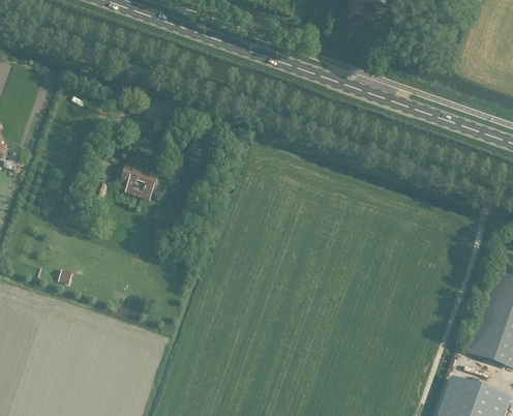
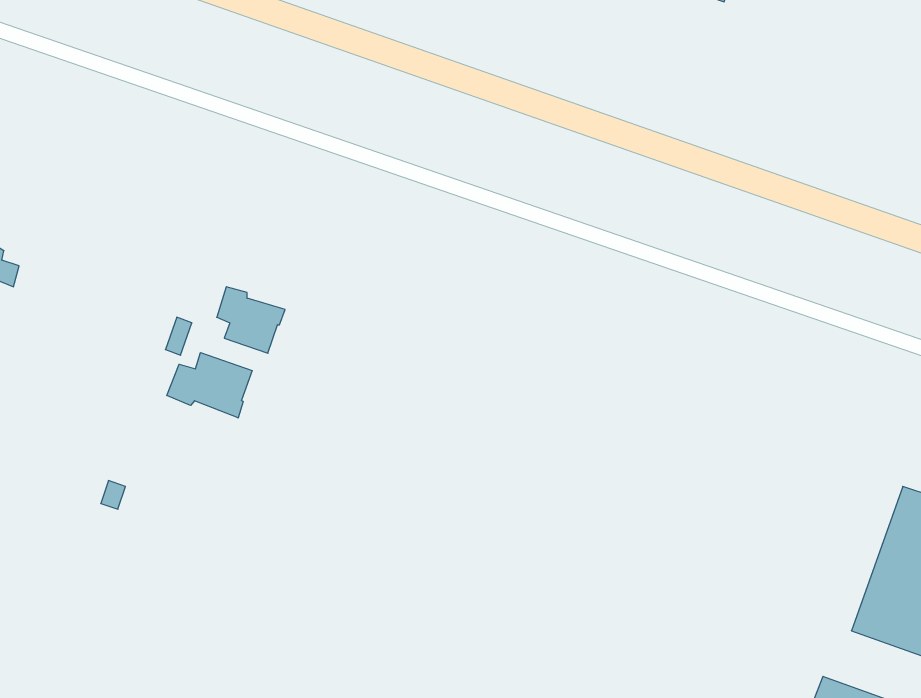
building: none -> [167,353,252,418]

